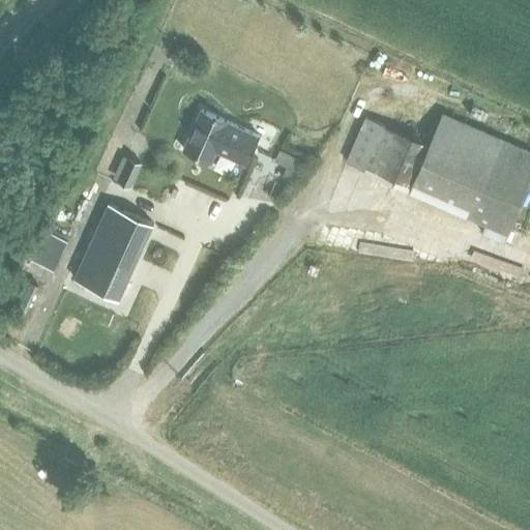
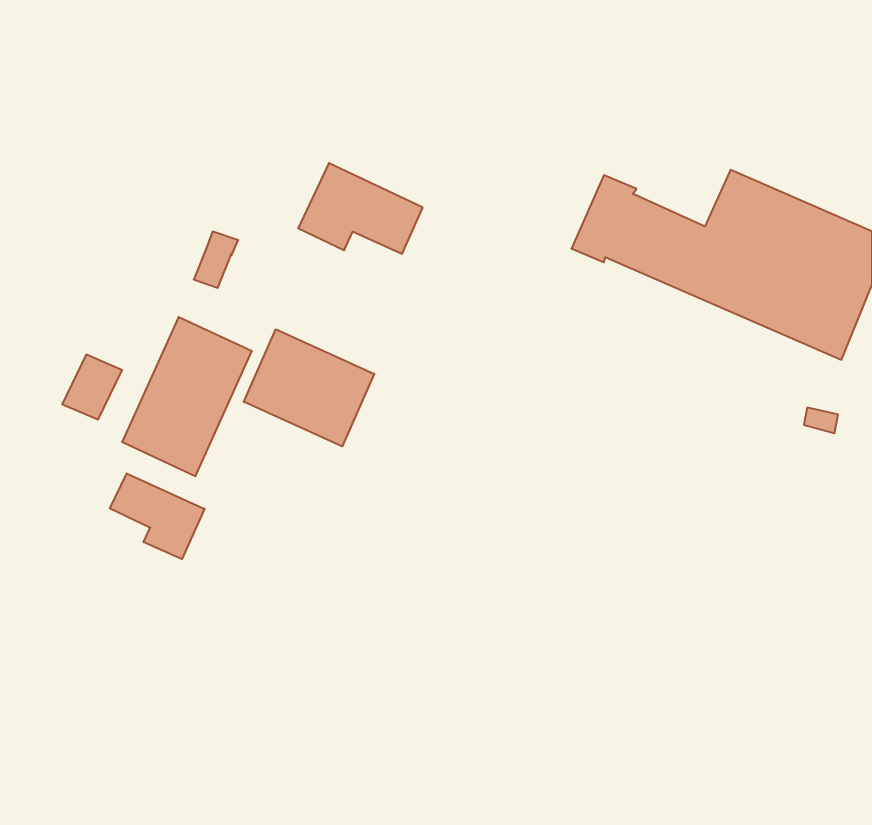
building: none -> [244,329,374,446]
building: none -> [110,473,205,559]

